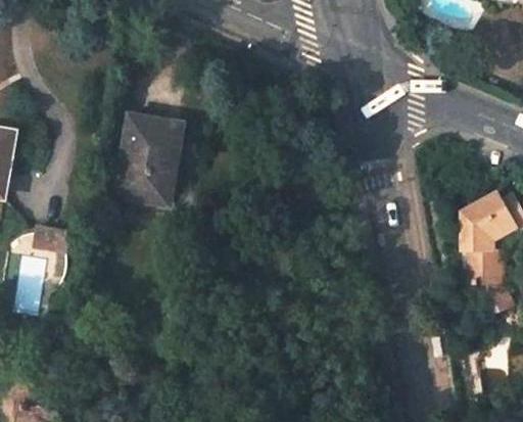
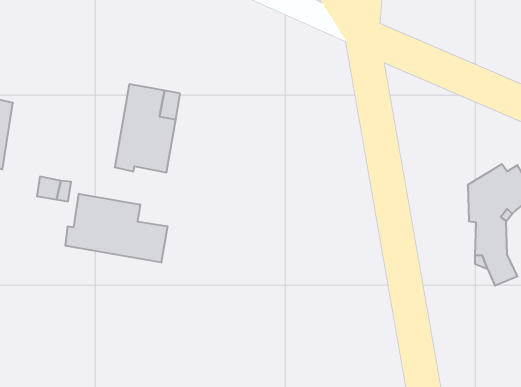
building: none -> [65,194,168,263]

